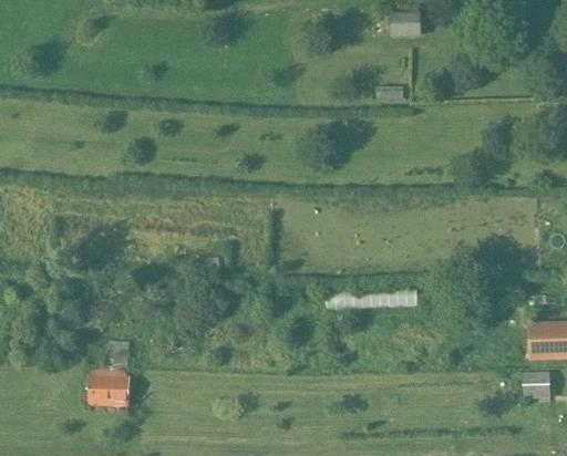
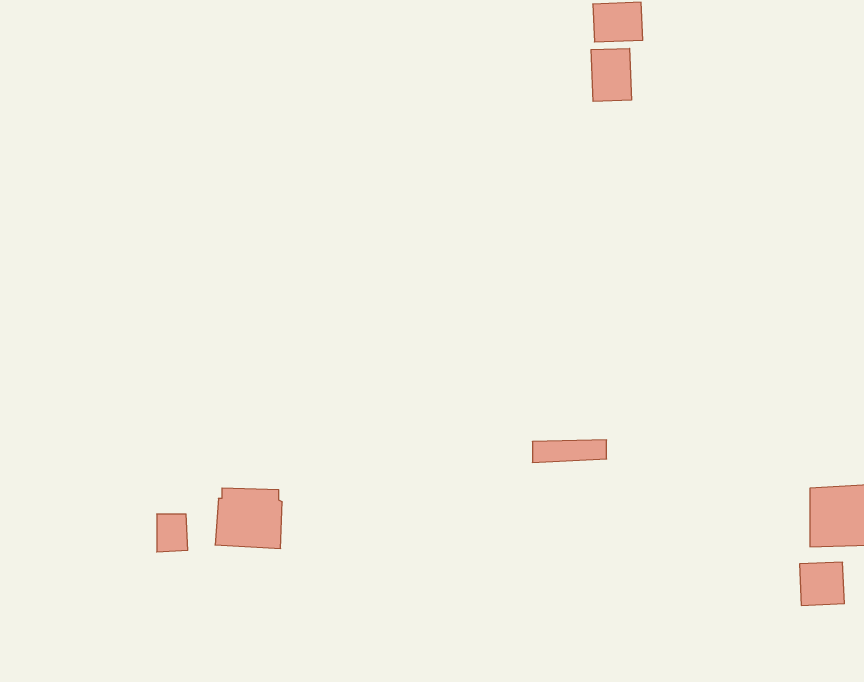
building: none -> [591,48,631,101]
building: [87,369,131,407] -> [215,488,282,548]

